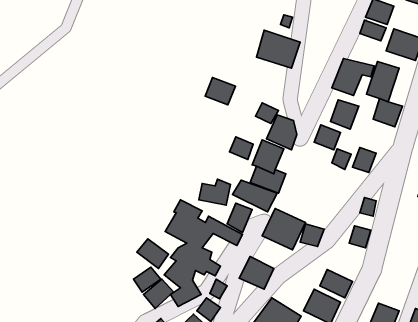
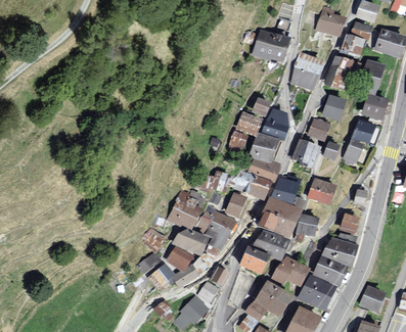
building: none -> [316,10,347,38]
building: none -> [342,35,368,60]
building: none -> [291,53,327,92]
building: [205,78,235,105] -> [235,111,264,137]
building: none -> [352,118,377,144]
building: none -> [291,139,324,169]
building: none -> [272,178,302,203]
building: none -> [309,178,341,205]
building: none -> [251,228,286,255]
building: none -> [323,235,354,262]
building: none -> [271,254,306,282]

